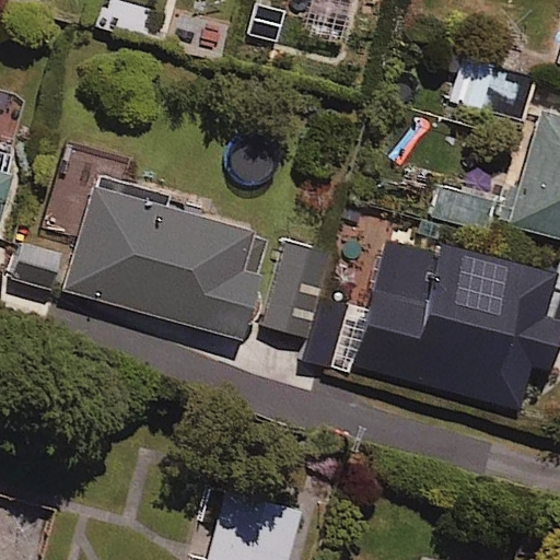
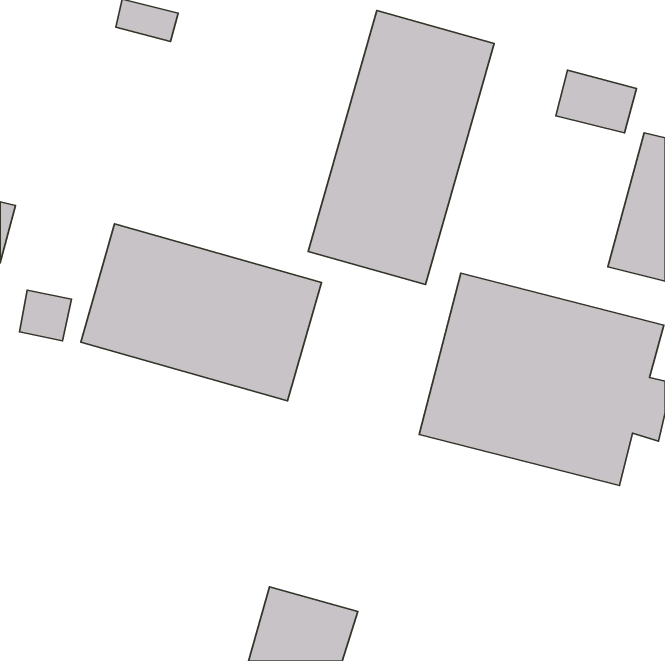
building: none -> [308,11,494,285]
building: [257,237,332,339] -> none

